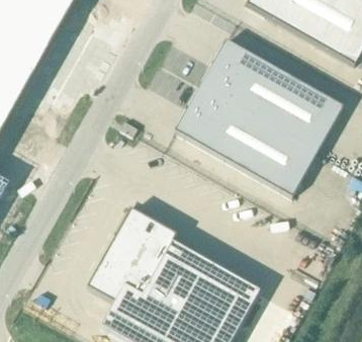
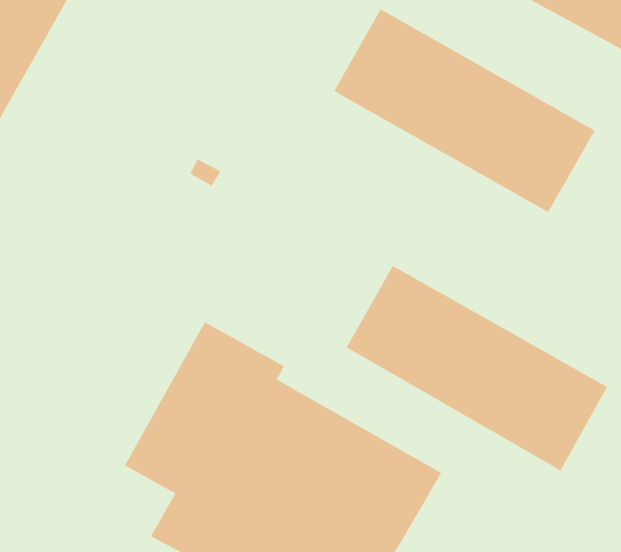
building: [174,81,315,192] -> [346,265,608,471]

